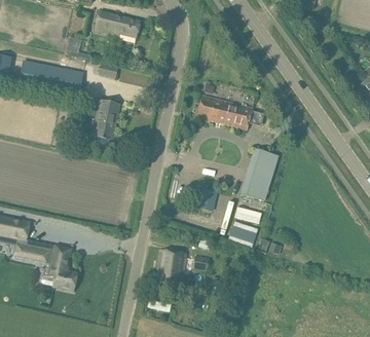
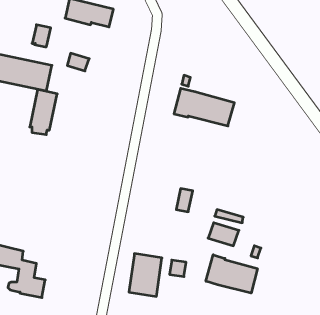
building: [94,100,119,142] -> [30,89,57,135]
building: [242,148,279,199] -> none
building: none -> [206,255,257,293]

